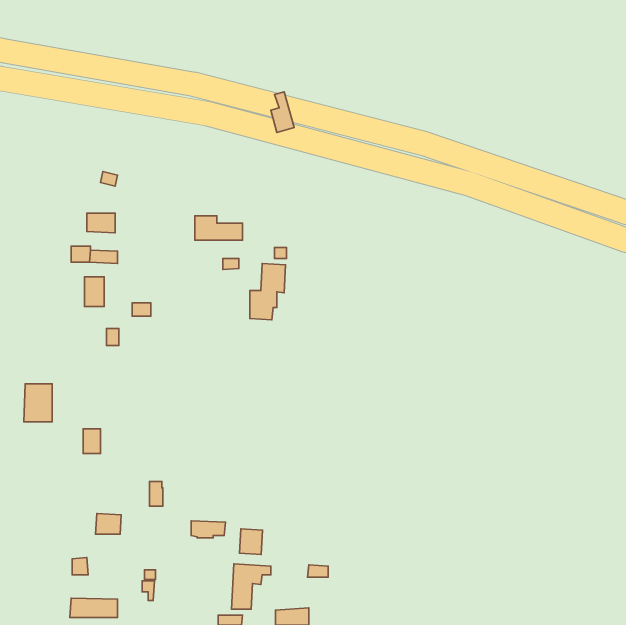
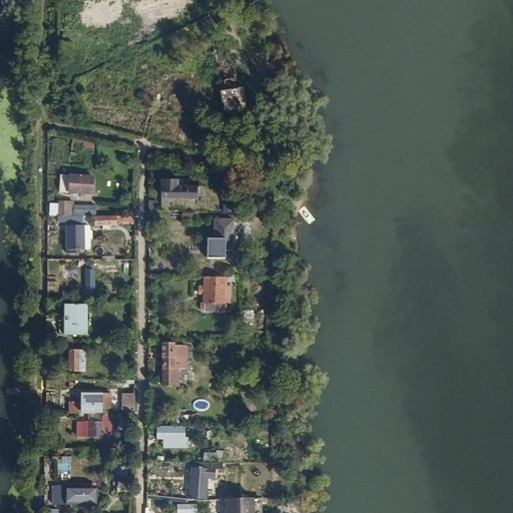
building: none -> [201,278,227,313]
building: [24,384,52,422] -> [65,304,88,335]
building: none -> [157,343,186,386]
building: none -> [66,393,108,414]
building: [239,529,262,554] -> none

